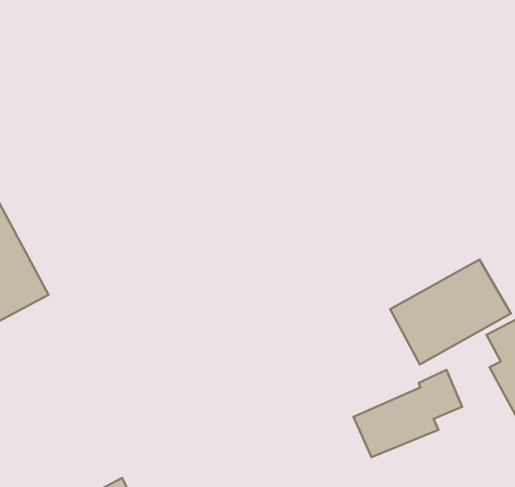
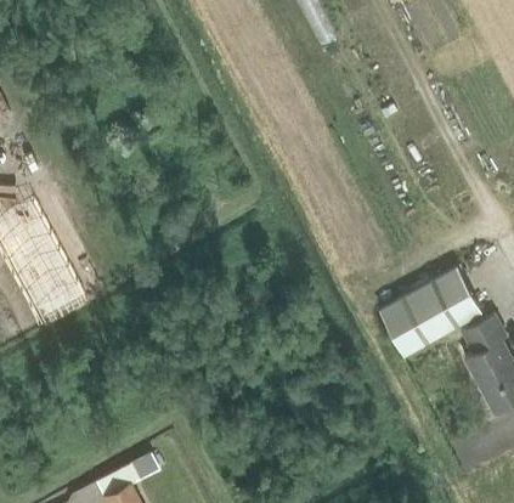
building: [354,370,462,457] -> none

